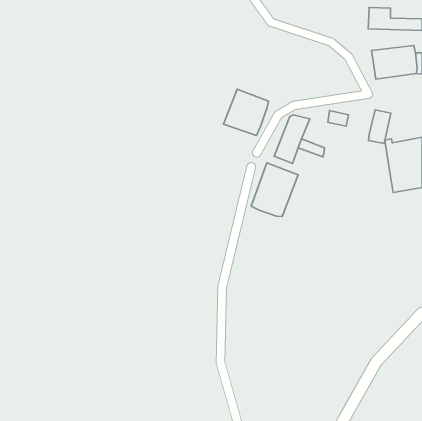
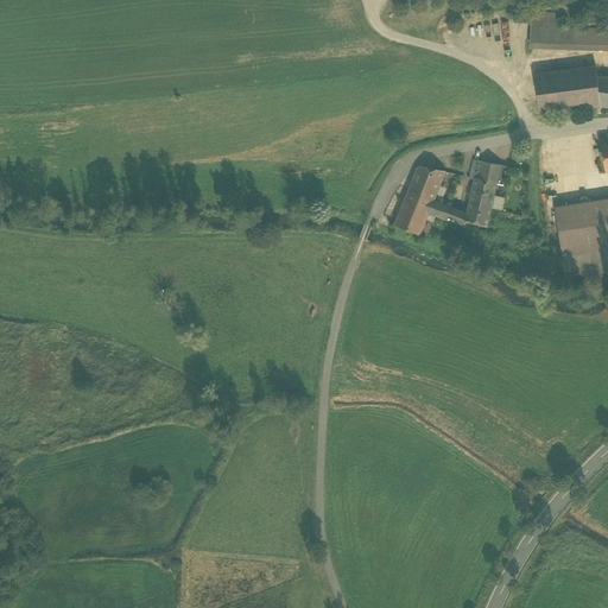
building: [224,89,268,136] -> none
building: [368,110,391,144] -> [466,177,498,226]
building: [251,163,298,217] -> none

